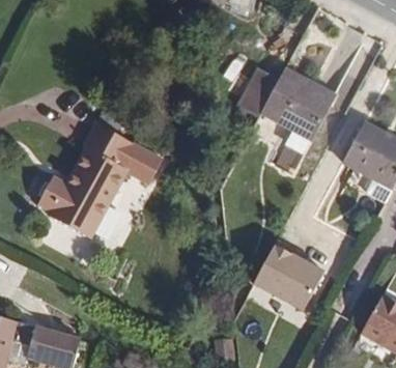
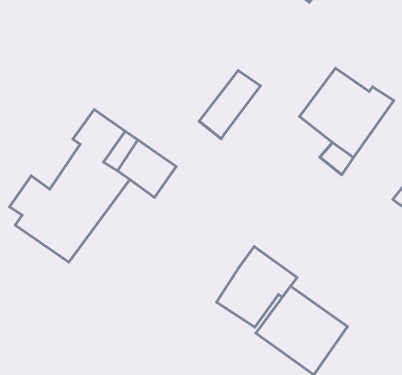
building: [241,58,284,112] -> [199,71,261,139]
building: none -> [217,246,297,327]

